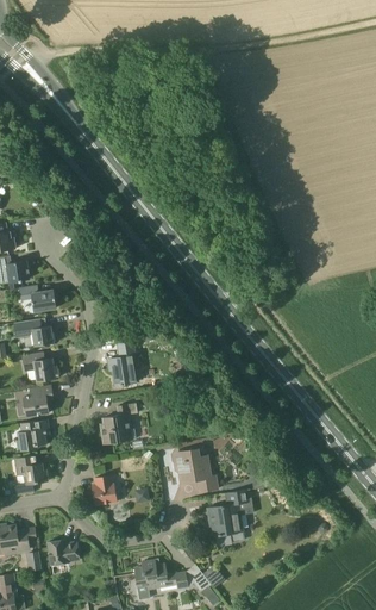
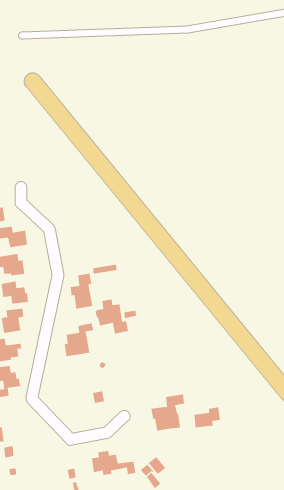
building: [176,449,218,492] -> [95,299,129,334]
building: [94,475,118,505] -> none
building: none -> [194,407,221,428]
building: [48,540,80,565] -> none

